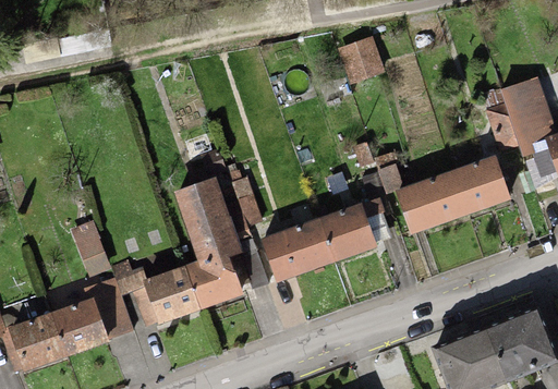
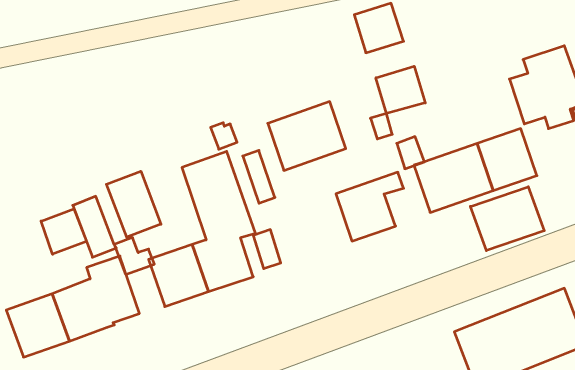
building: none -> [376,66,425,114]
building: none -> [106,171,161,237]
building: none -> [470,187,544,251]
building: [262,218,336,283] -> [268,102,346,170]
building: none -> [41,209,86,254]

